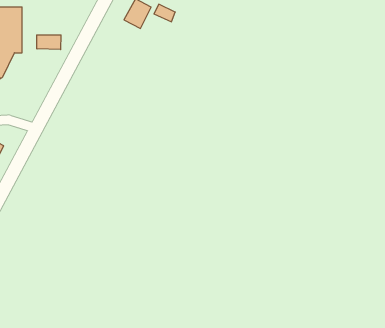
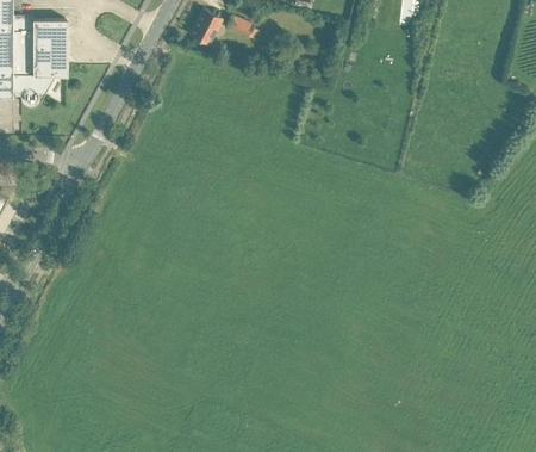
building: [37,35,61,50] -> none

